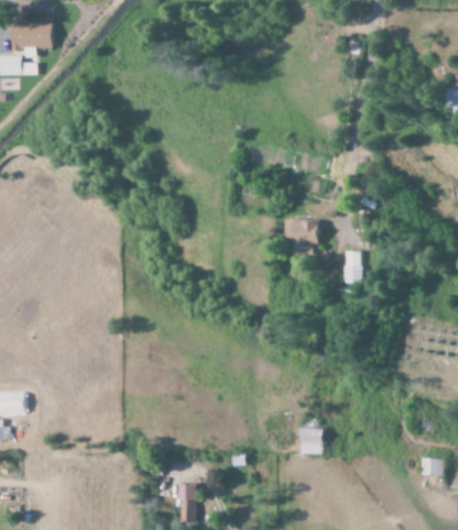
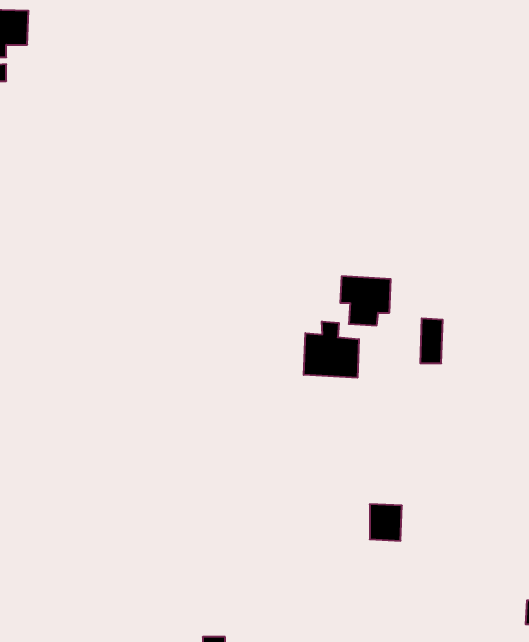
building: none -> [304,321,359,378]
building: [302,428,325,454] -> [370,504,402,541]

